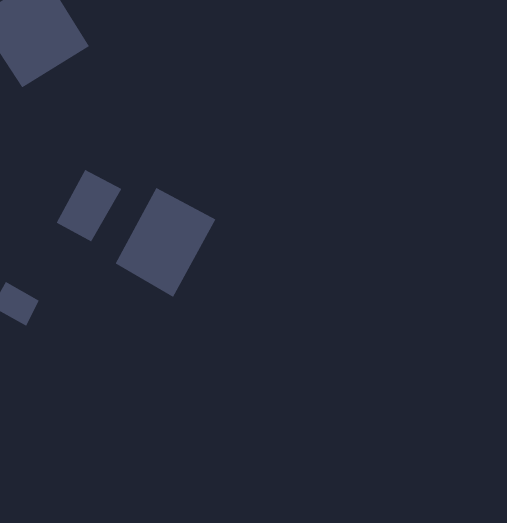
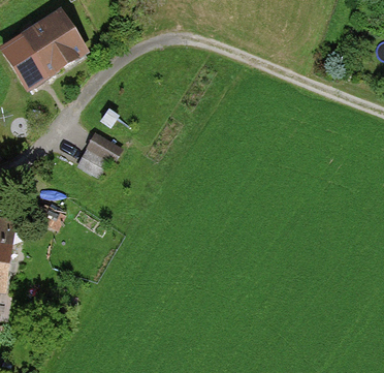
building: [115,187,216,298] -> none

